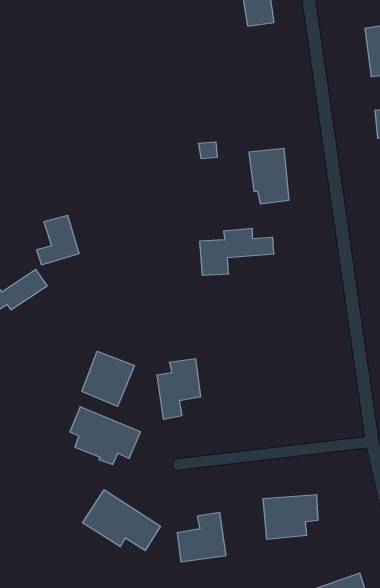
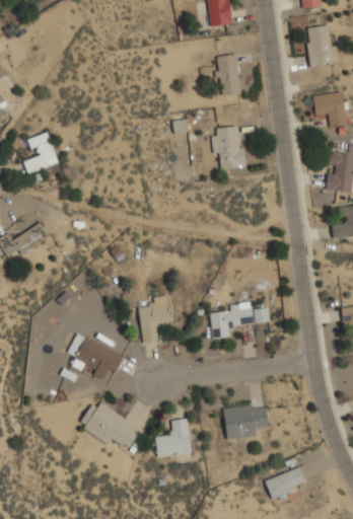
building: none -> [216,54,241,95]
building: [36,216,79,265] -> [23,133,58,172]
building: [200,229,274,275] -> [210,301,270,339]
building: [82,351,134,406] -> none

